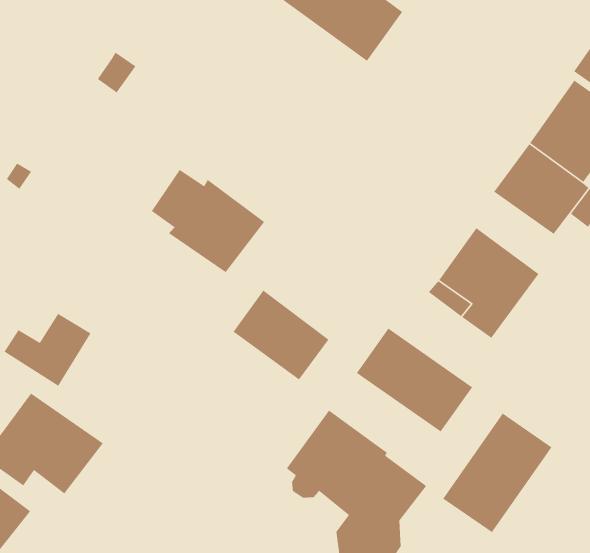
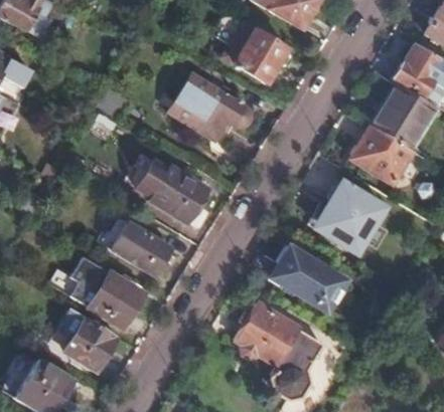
building: none -> [166,65,253,140]
building: [233,290,330,380] -> [111,220,172,275]
building: none -> [87,270,144,329]
building: [442,413,553,533] -> none

